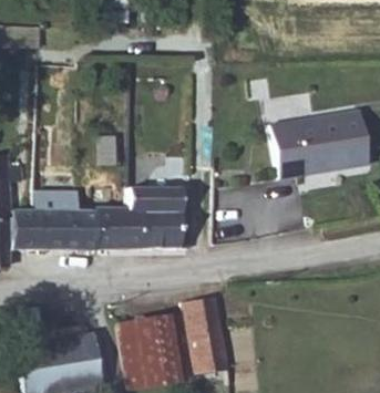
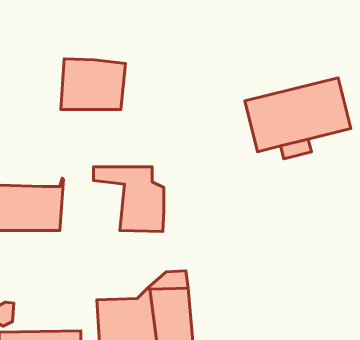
building: [90,201,152,250] -> [61,59,125,110]

